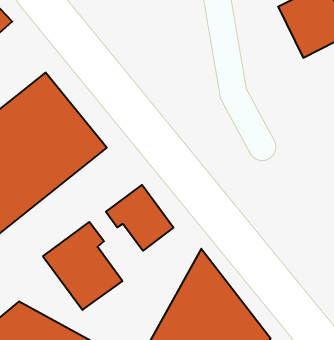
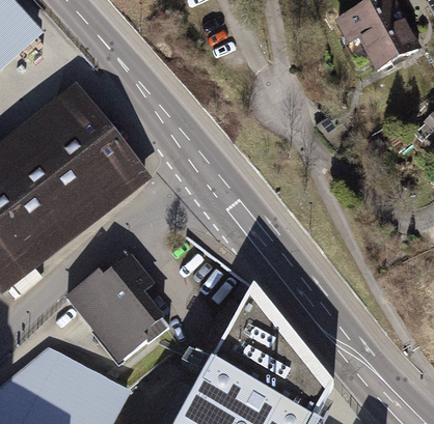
building: [106,185,173,251] -> none

